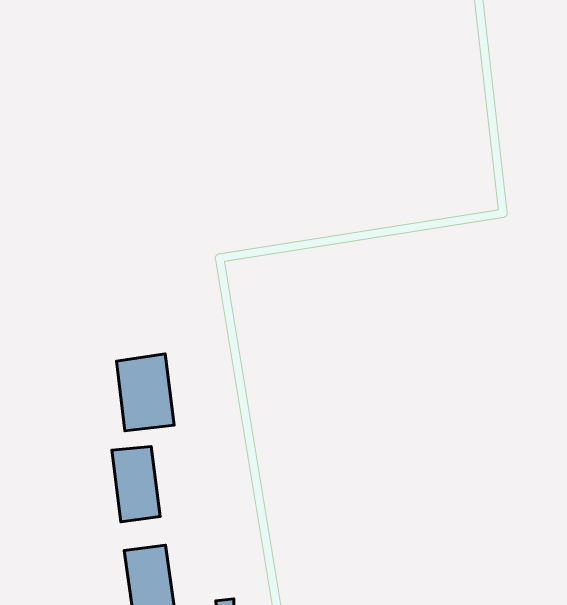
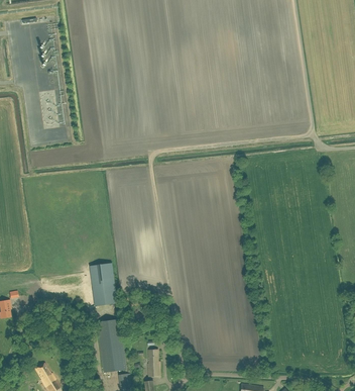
building: [116,354,174,431] -> none

